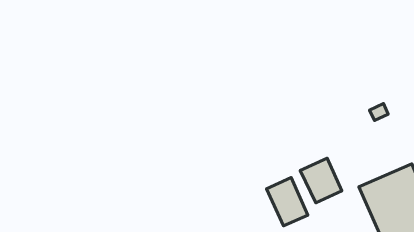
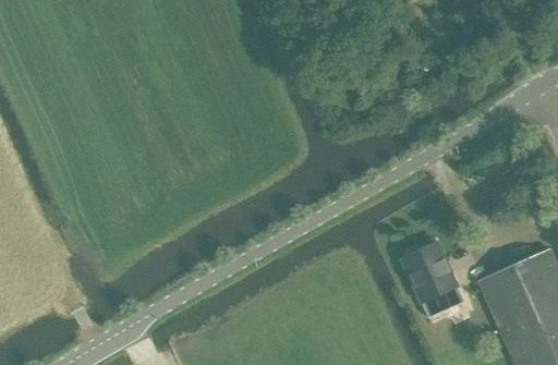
building: [266,177,308,226] -> none

